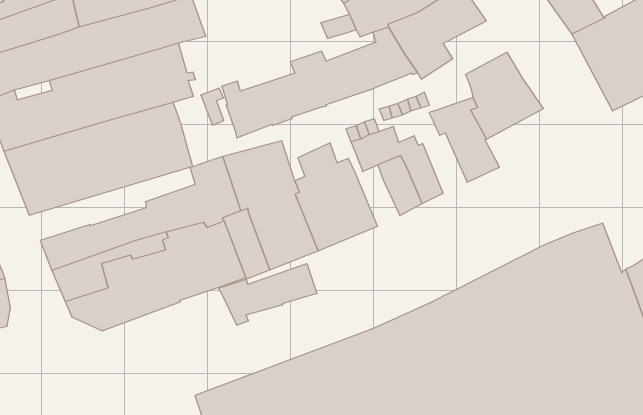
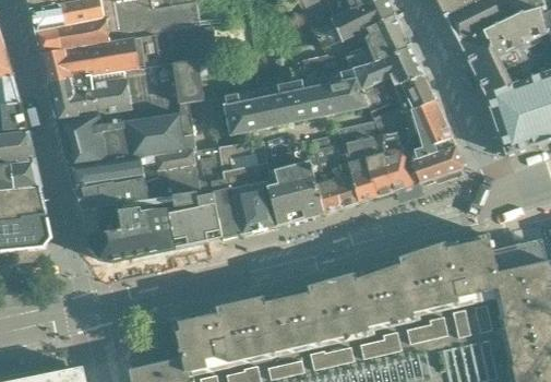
building: none -> [373,74,436,126]
building: none -> [411,144,465,182]
building: none -> [346,135,394,195]
building: none -> [313,168,342,213]
building: none -> [71,151,195,189]
building: [219,264,317,325] -> none

